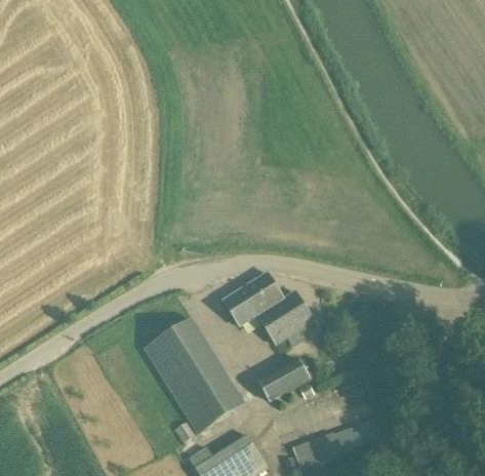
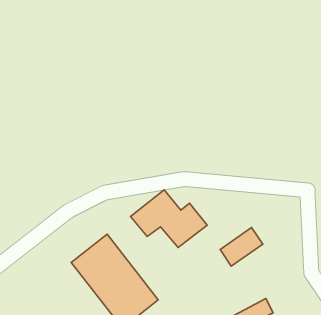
building: [256,355,309,399] -> [220,228,263,266]

